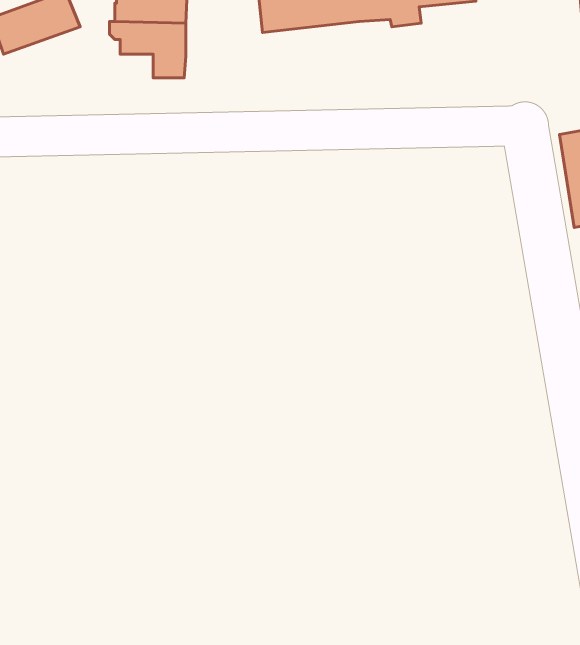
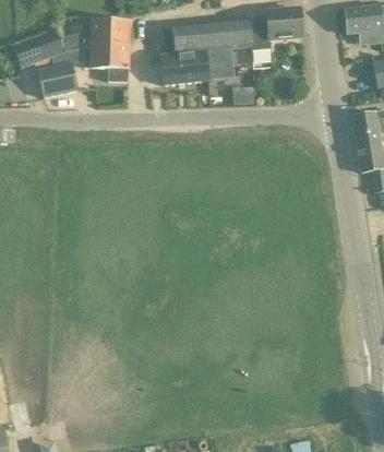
building: none -> [161,47,233,84]
building: none -> [38,68,77,96]

